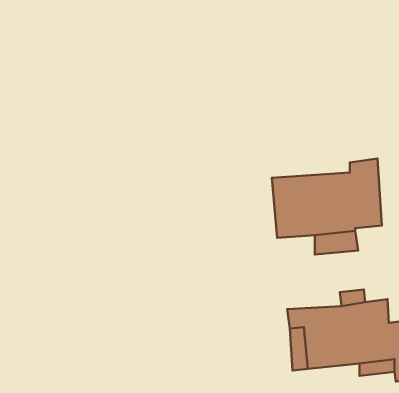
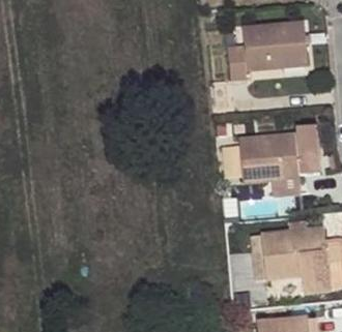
building: none -> [227,20,308,80]

